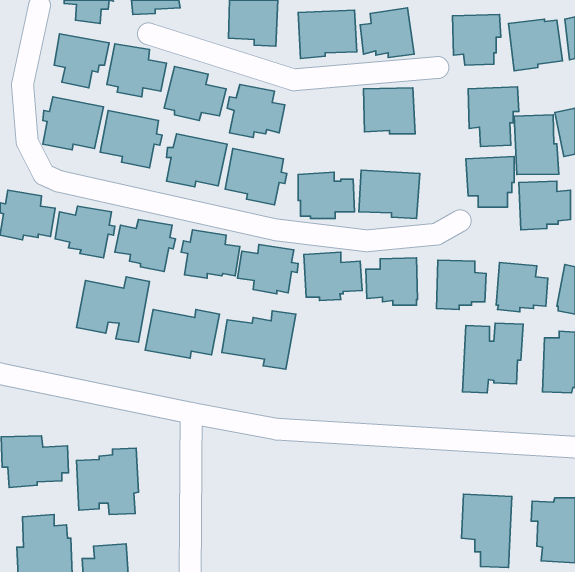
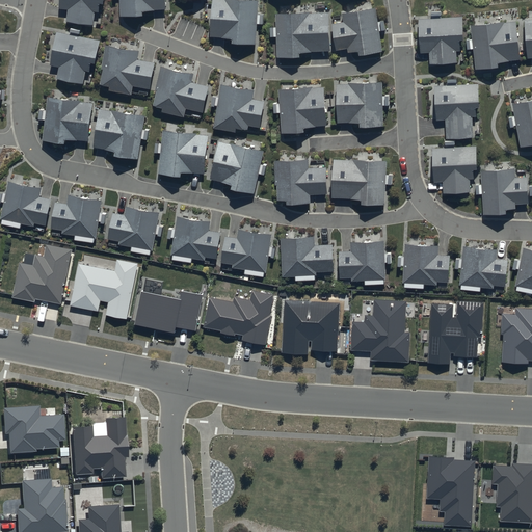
building: none -> [280,89,326,135]
building: [514,115,559,175] -> none
building: none -> [11,244,71,302]
building: none -> [282,299,340,353]
building: none -> [351,299,410,363]

